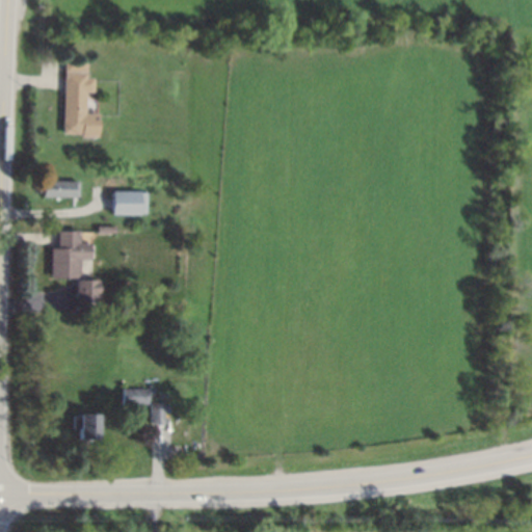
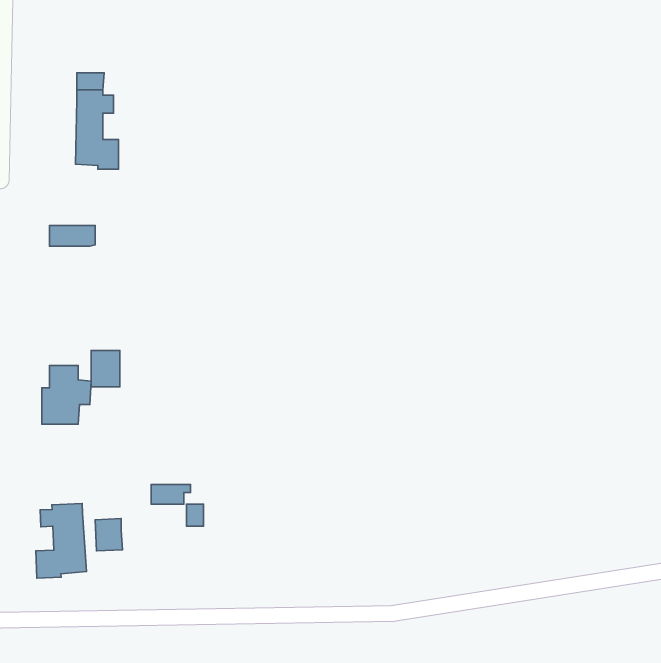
building: [113,191,149,216] -> none
building: [52,232,91,278] -> [42,366,91,424]
building: none -> [36,503,87,578]

